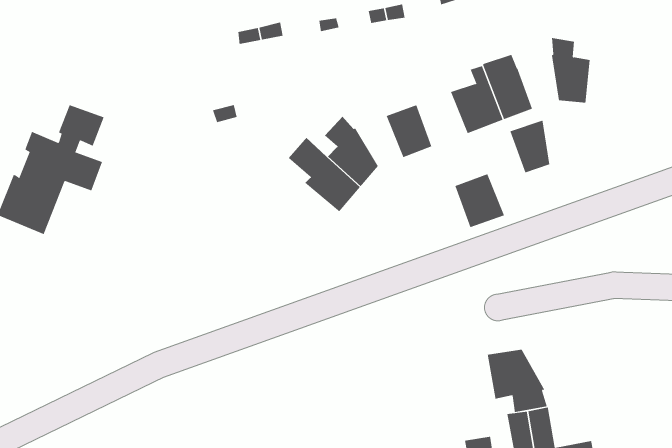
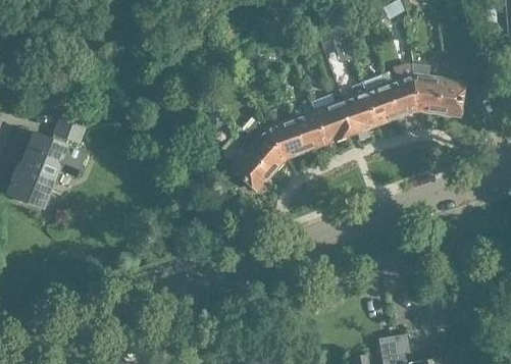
building: none -> [438,81,466,116]
building: none -> [269,121,304,158]
building: [510,120,550,173] -> [388,77,417,116]
building: [454,173,505,228] -> [314,104,351,144]
building: [487,349,548,413] -> none

